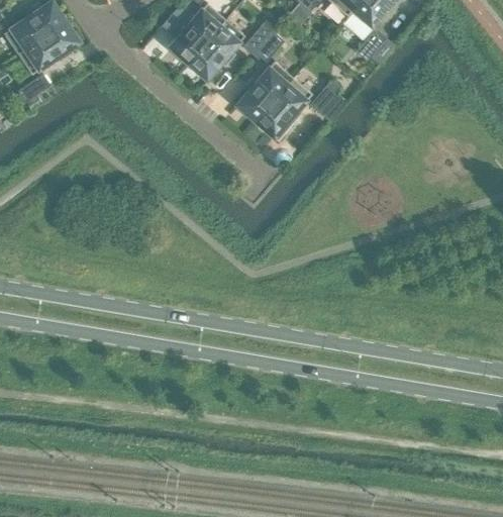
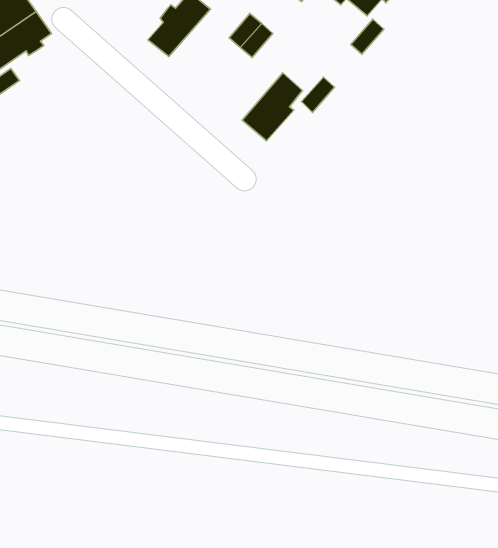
building: [188,18,244,78] -> none
building: [236,61,293,120] -> none

